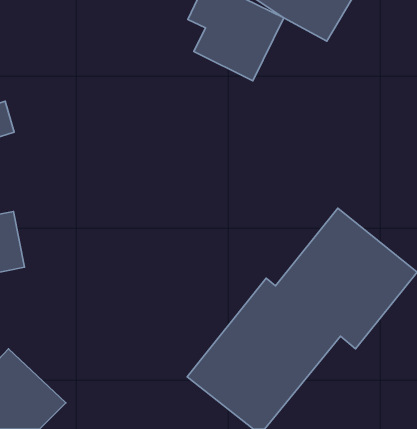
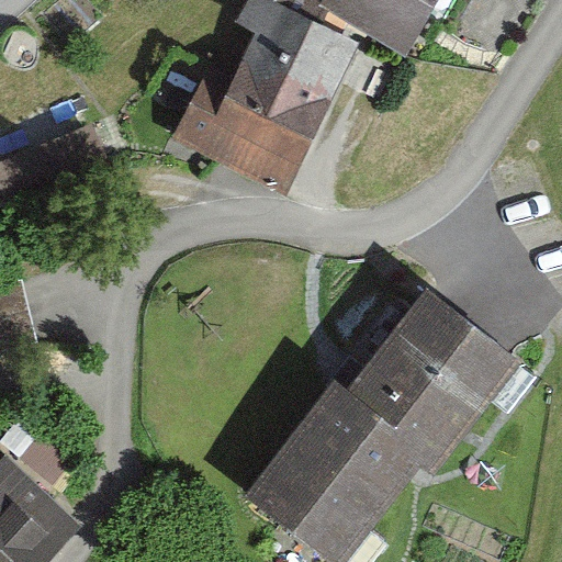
building: none -> [167,67,338,209]

